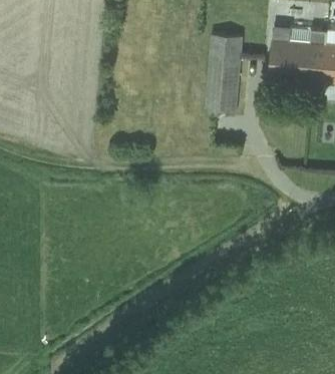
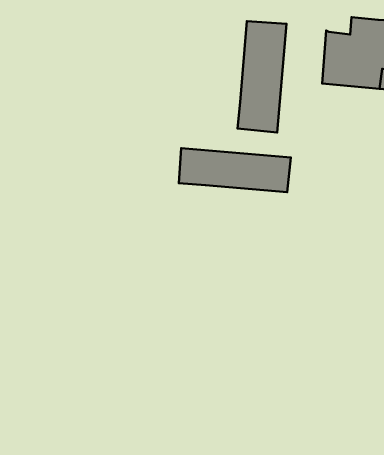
building: none -> [179,148,291,192]

